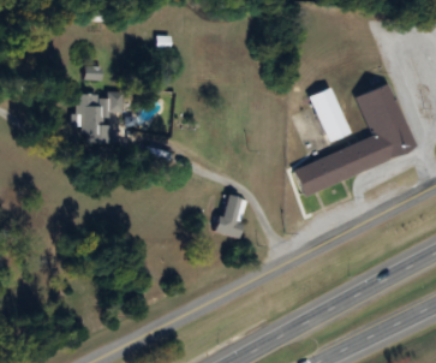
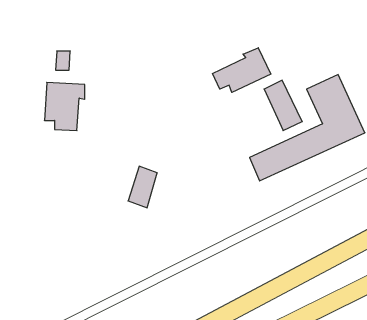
building: none -> [213,48,271,92]
building: [216,195,247,239] -> [128,166,157,208]

